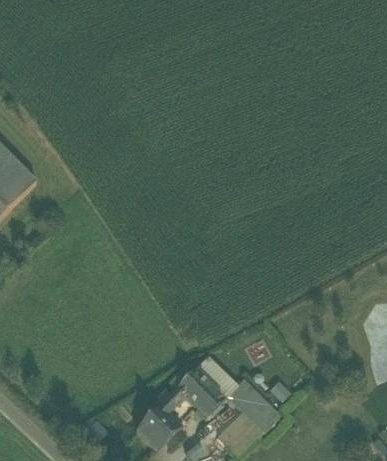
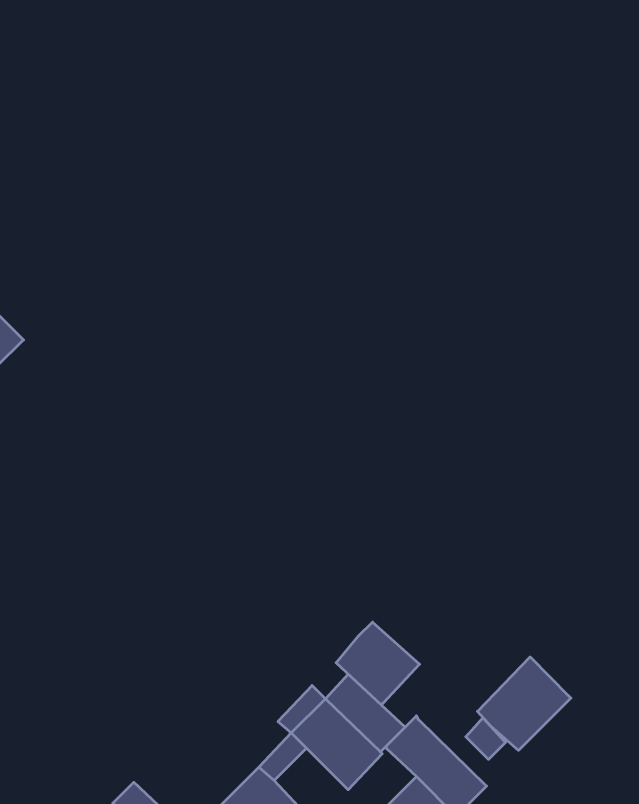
building: none -> [336,622,420,705]
building: none -> [477,657,571,750]

